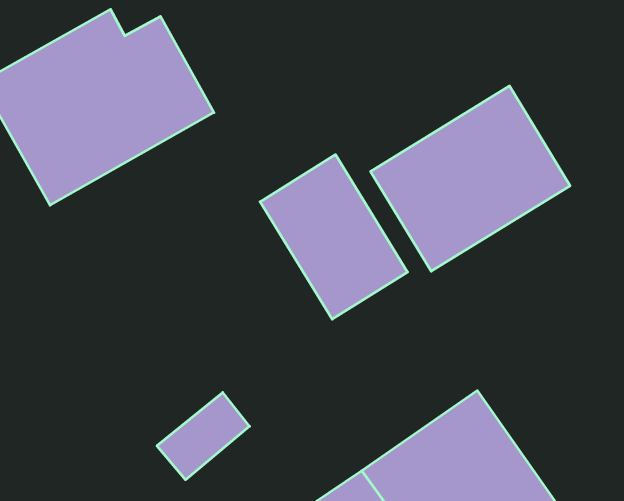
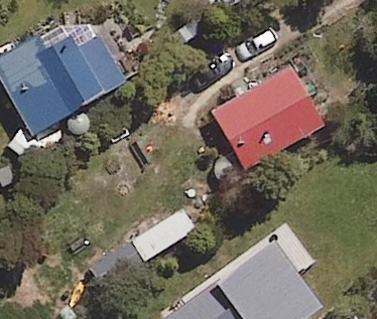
building: [260,155,408,319] -> none

